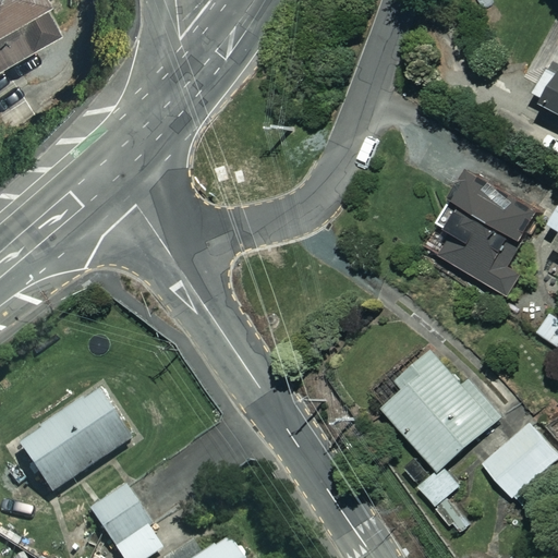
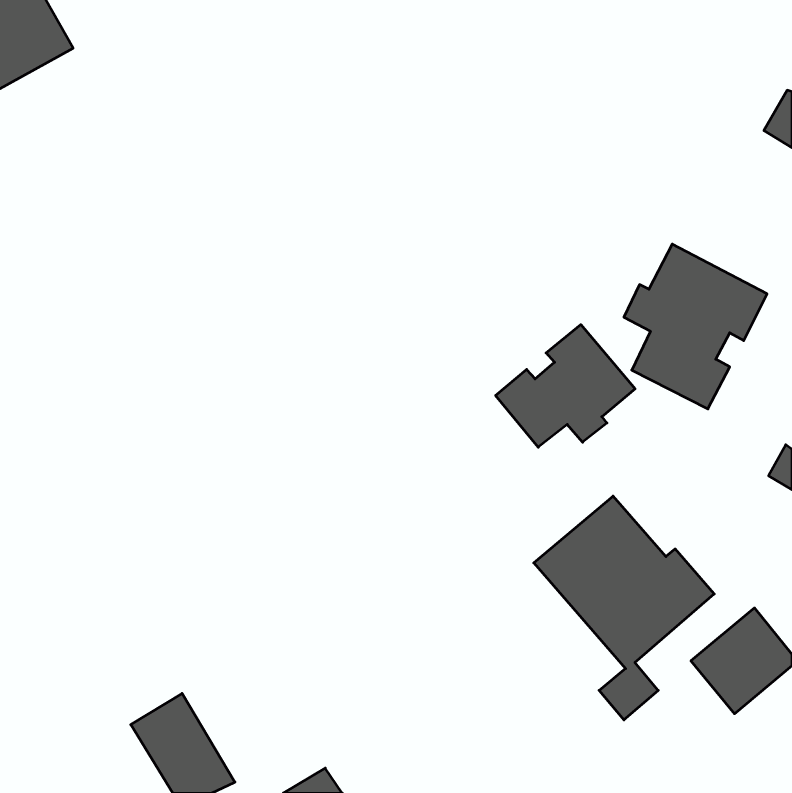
building: none -> [496,325,635,447]
building: [20,392,130,492] -> none

